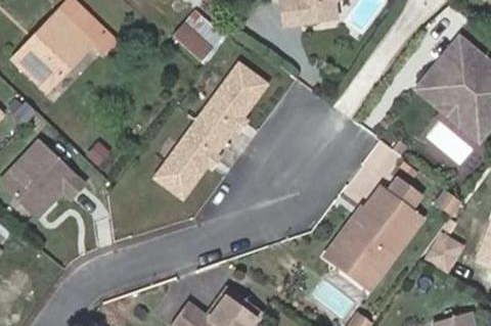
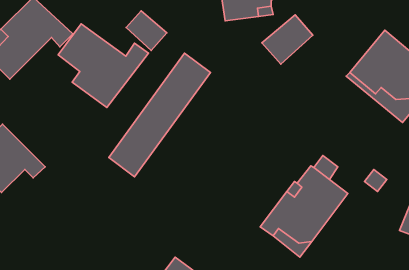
building: none -> [262,15,313,64]
building: none -> [58,24,149,107]
building: [430,230,466,269] -> none

